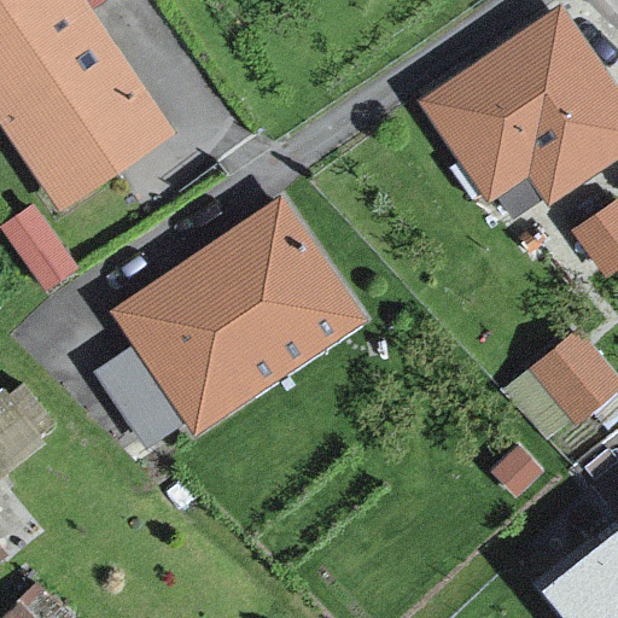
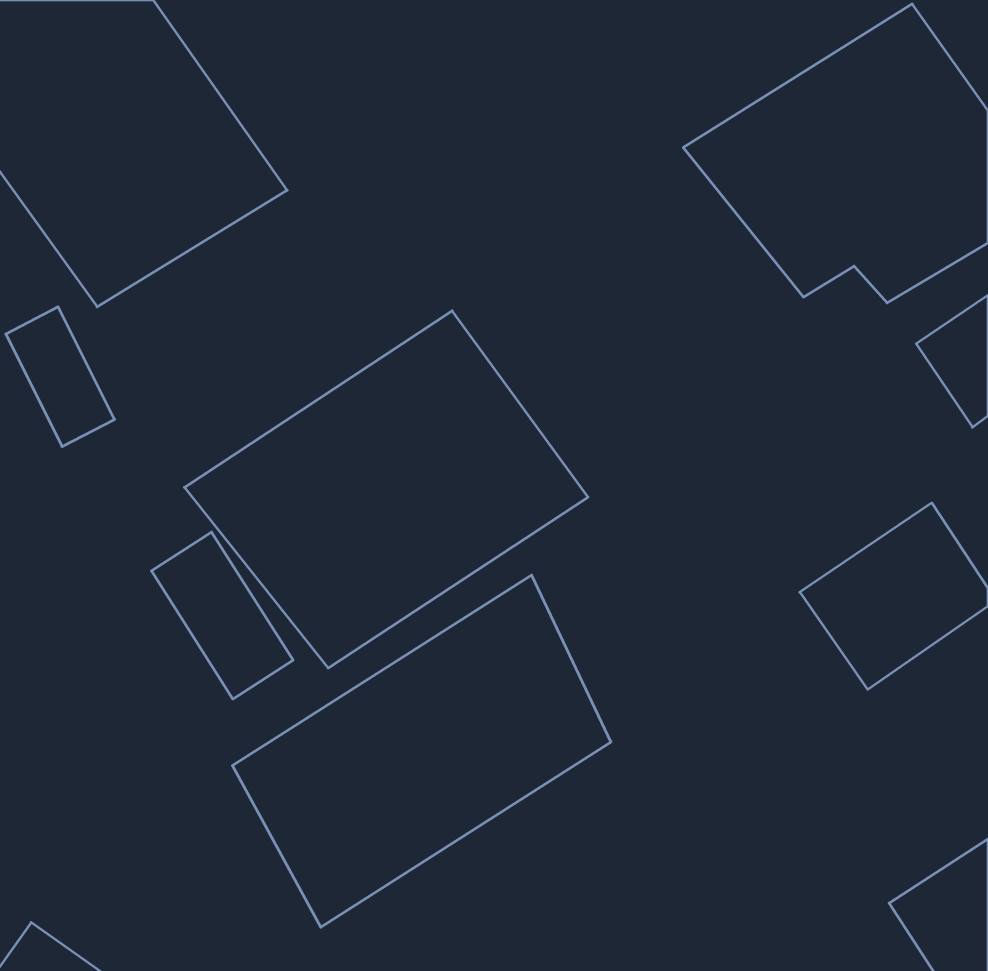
building: none -> [232,575,611,927]

